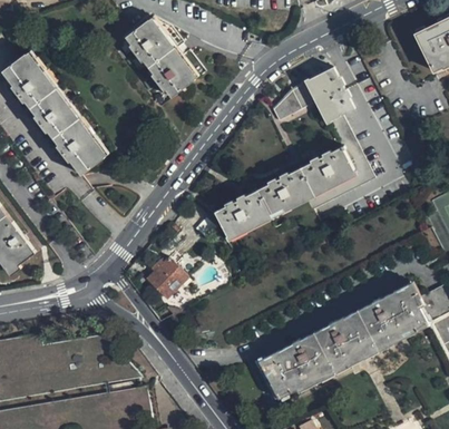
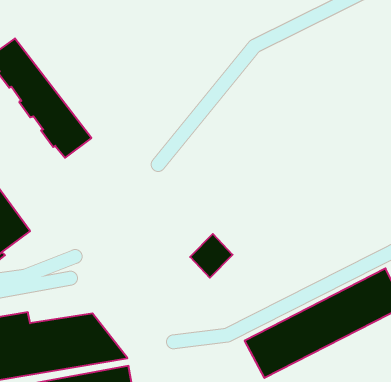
building: [125,18,196,97] -> none
building: [212,66,372,238] -> none
building: [145,256,188,301] -> [190,234,233,278]

